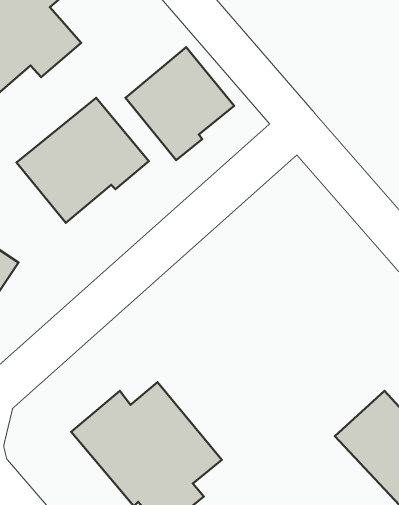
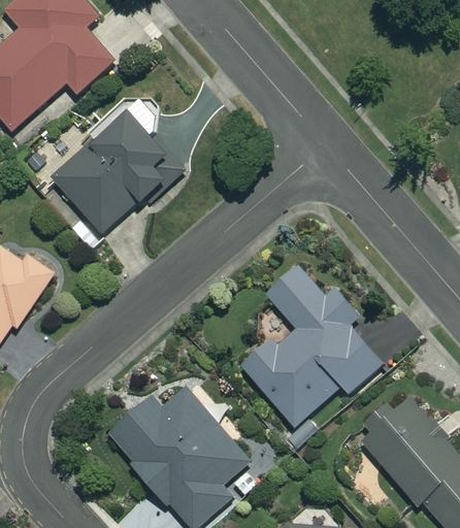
building: [125,47,234,160] -> none
building: none -> [242,266,382,424]

